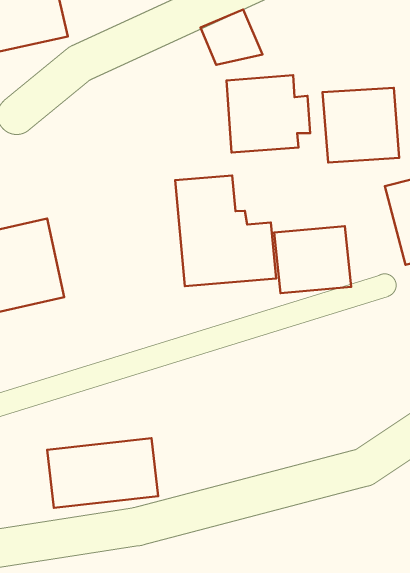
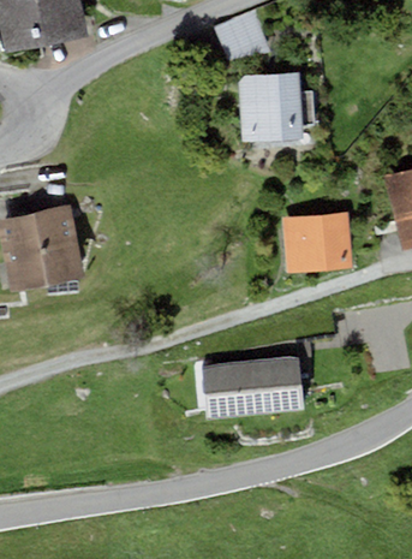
building: [323,88,399,162] -> none
building: [175,176,276,286] -> none
building: [47,438,158,508] -> [199,355,303,420]

